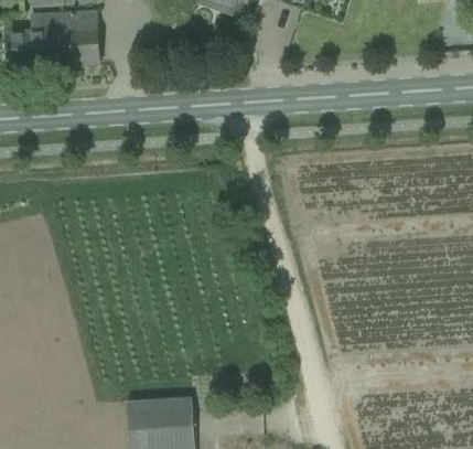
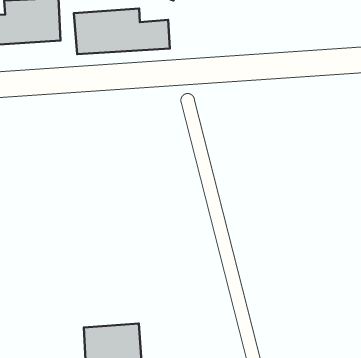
building: none -> [74,9,170,54]

